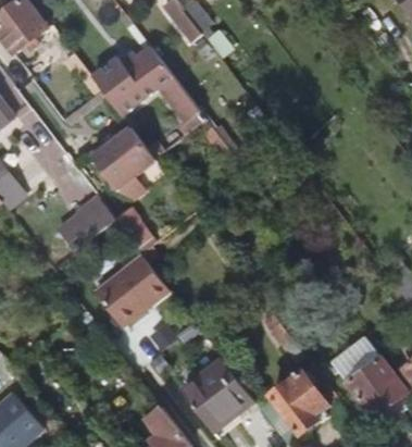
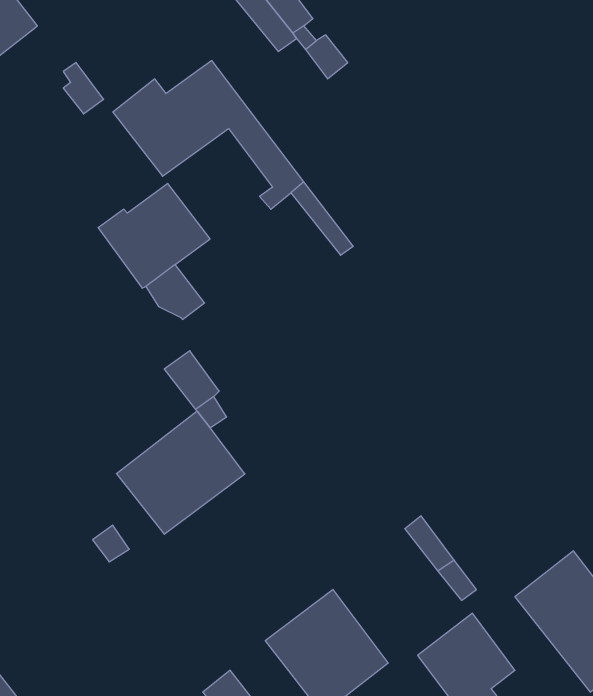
building: [62,195,115,250] -> none

